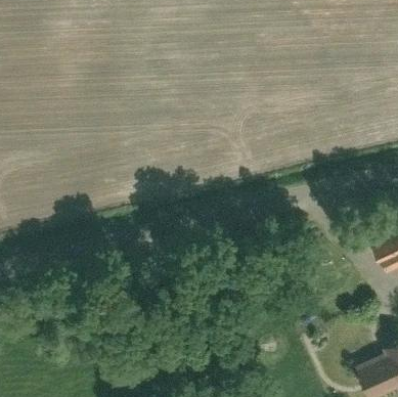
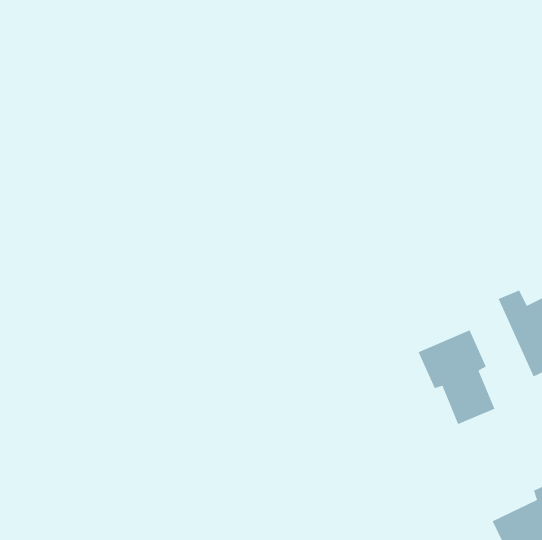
building: none -> [418,329,495,425]

